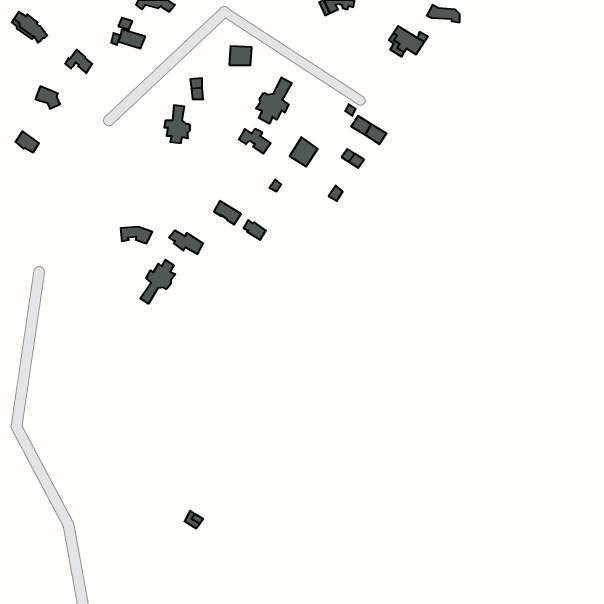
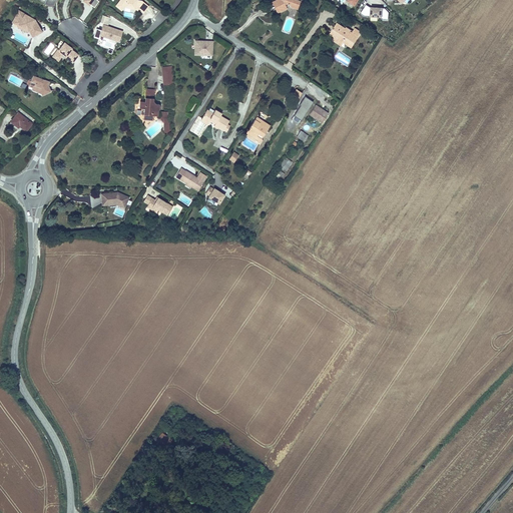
building: [256,77,292,124] -> none
building: [140,260,175,304] -> none

